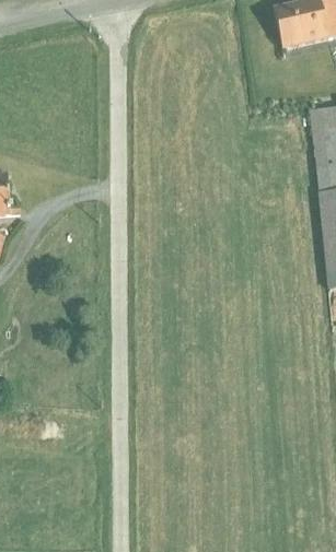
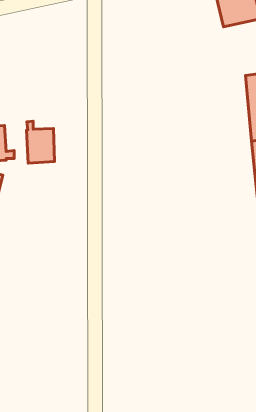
building: none -> [26,121,55,163]

